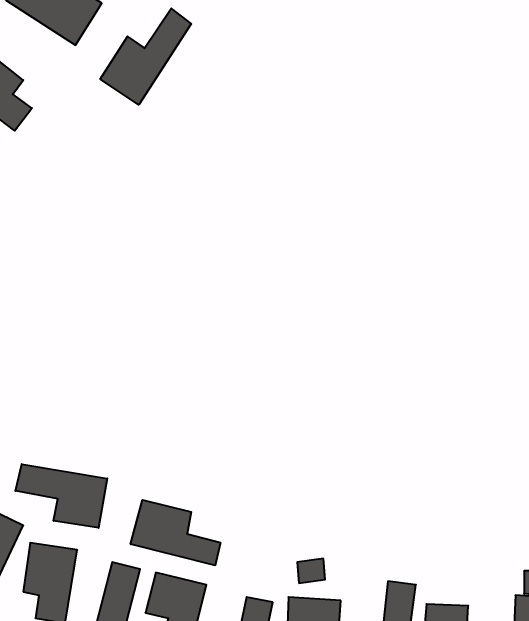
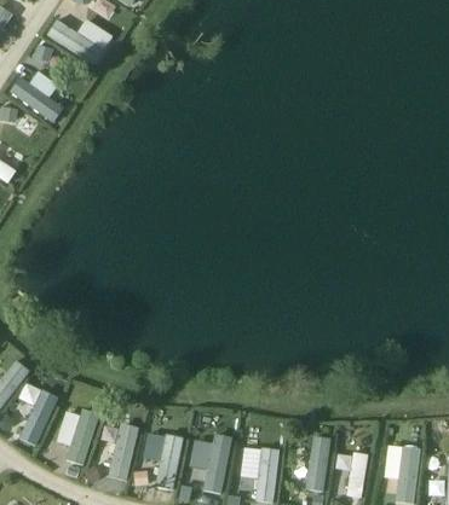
building: [100,8,191,105] -> none
building: [15,464,107,528] -> none
building: [131,500,220,565] -> none

